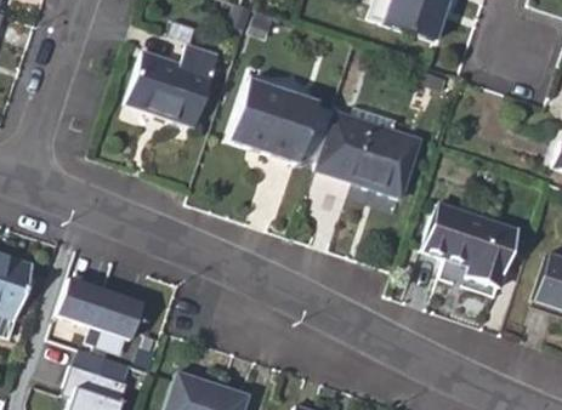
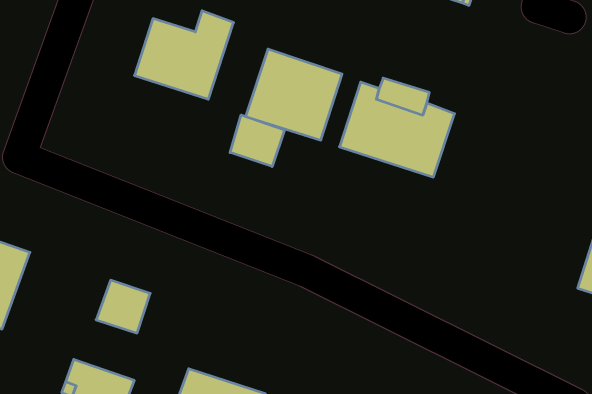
building: none -> [230,115,284,167]
building: [425,201,521,286] -> none
building: [56,279,106,328] -> none

